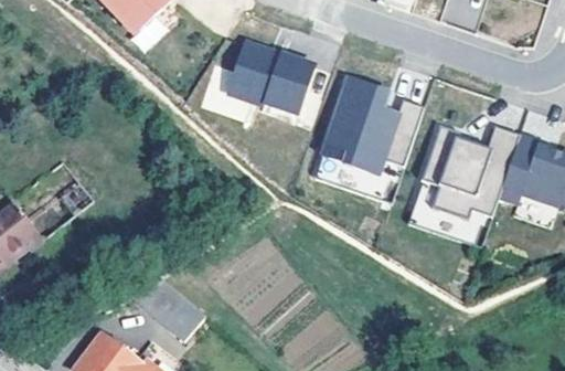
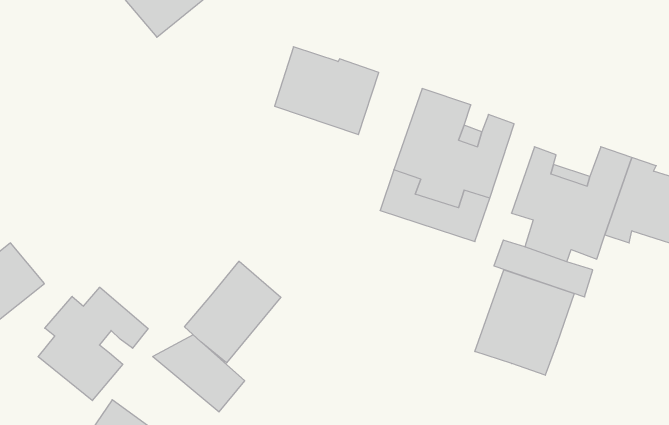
building: none -> [185,261,281,363]
building: none -> [475,270,574,375]
building: none -> [38,287,148,401]

